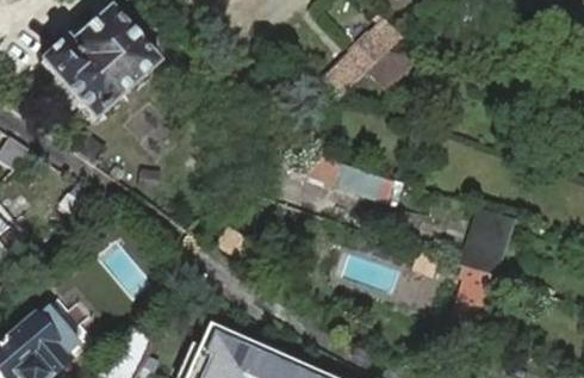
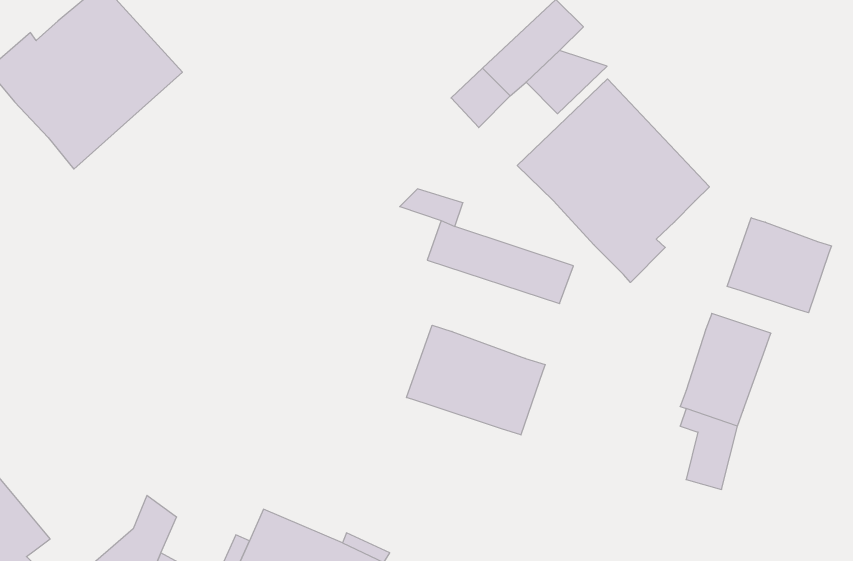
building: none -> [517,79,709,282]
building: none -> [727,218,831,313]
building: none -> [407,325,545,435]

